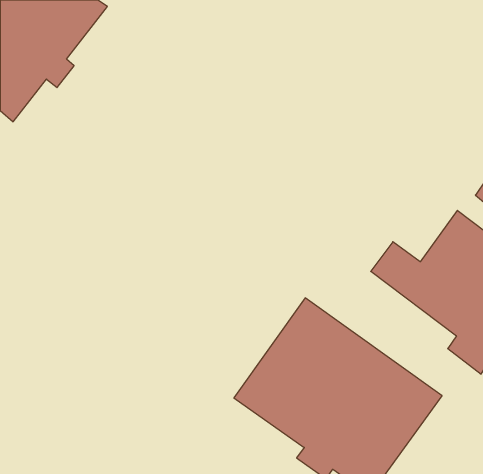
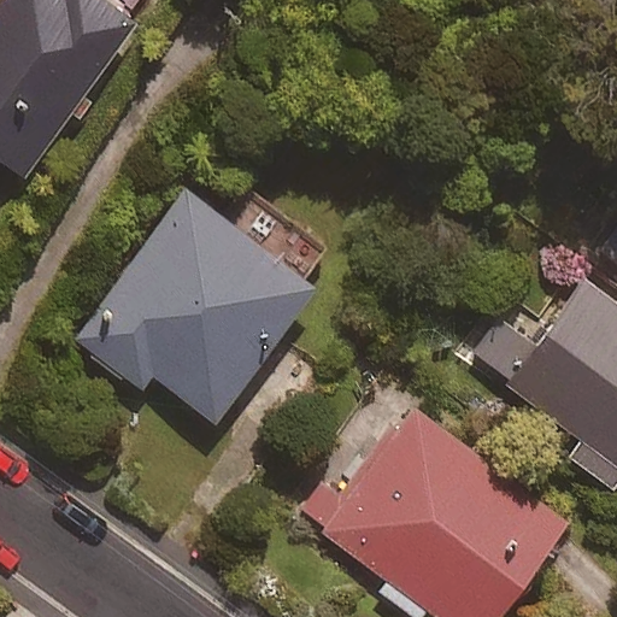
building: none -> [78,192,311,416]

